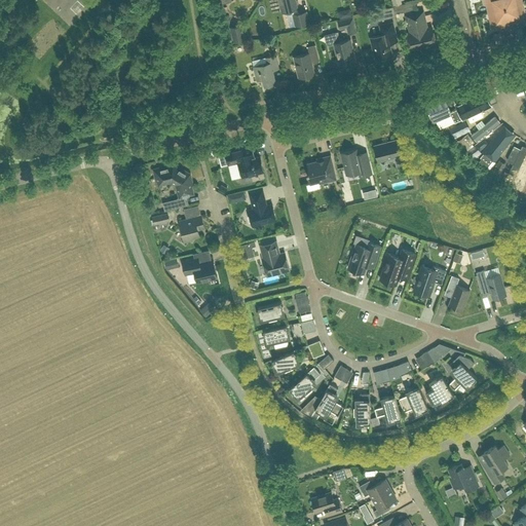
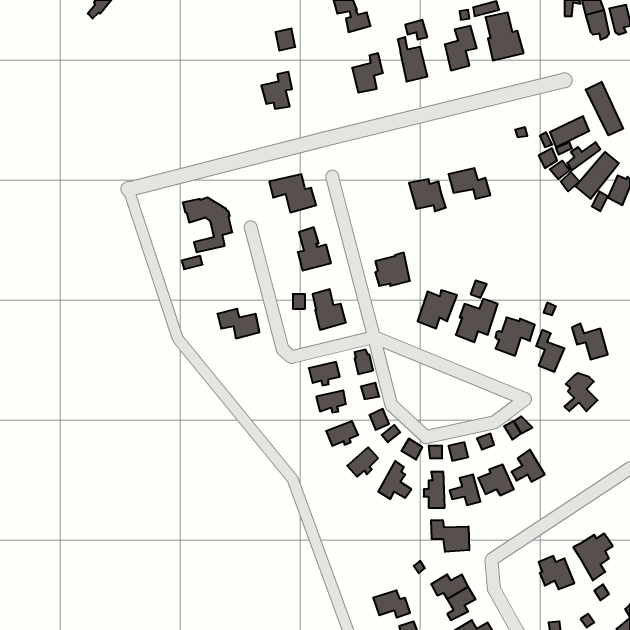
building: [252,55,277,86] -> [261,72,292,109]
building: none -> [586,82,623,135]
building: [306,156,335,184] -> [375,253,410,286]
building: [179,206,203,242] -> none
building: [448,355,476,387] -> [564,373,598,411]
building: none -> [431,520,469,552]

